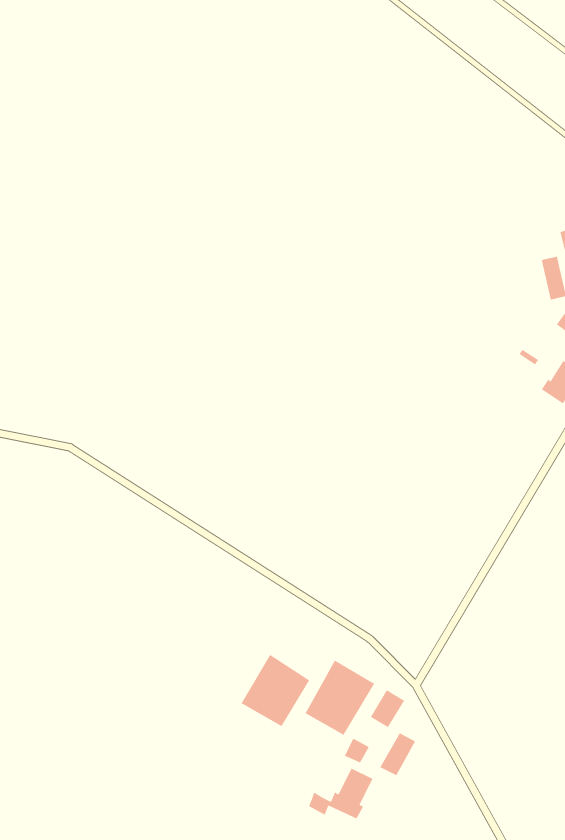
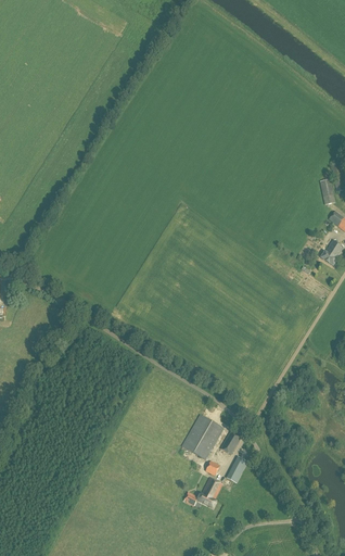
building: [240,654,310,727] -> none

